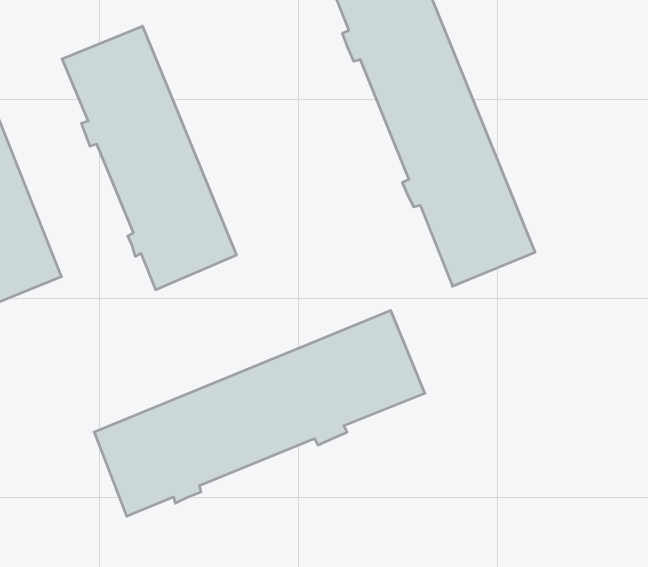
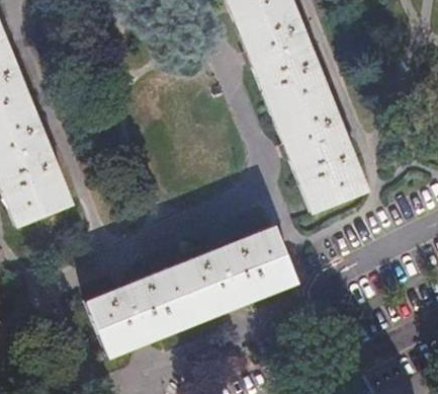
building: [62,26,236,290] -> none

